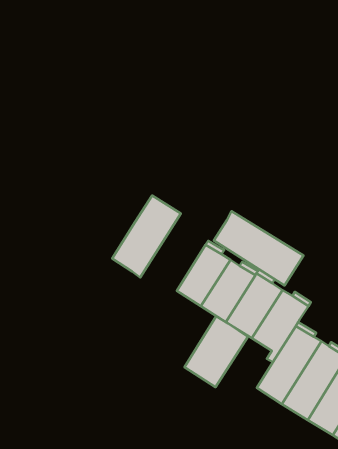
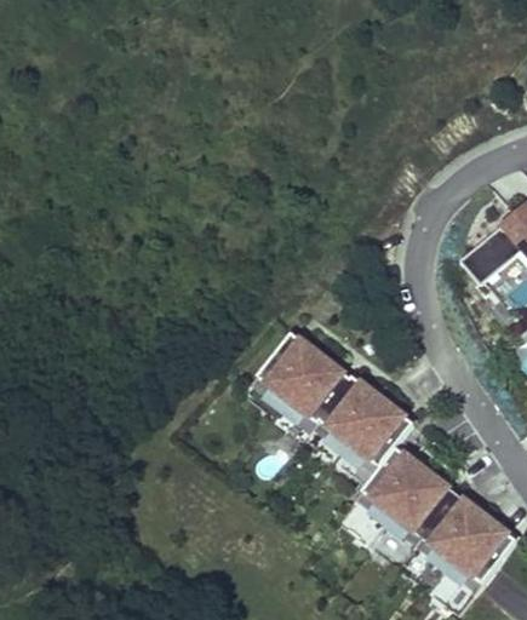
building: [112,196,181,278] -> none
building: [214,211,303,285] -> none
building: [184,316,248,387] -> none

